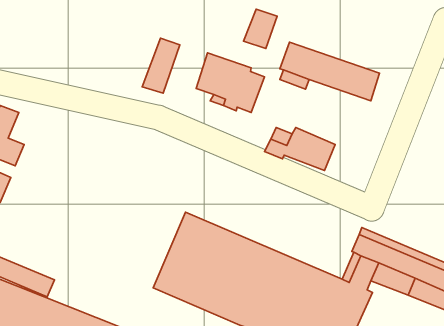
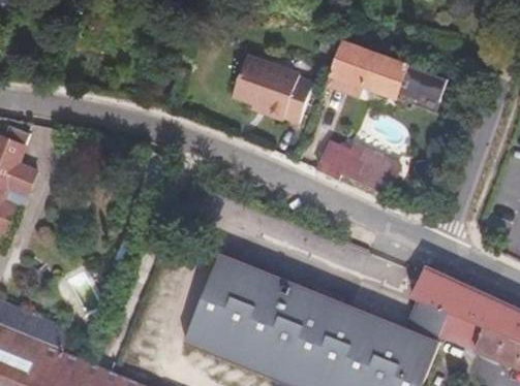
building: [243,9,277,49] -> none
building: [142,38,180,93] -> none

